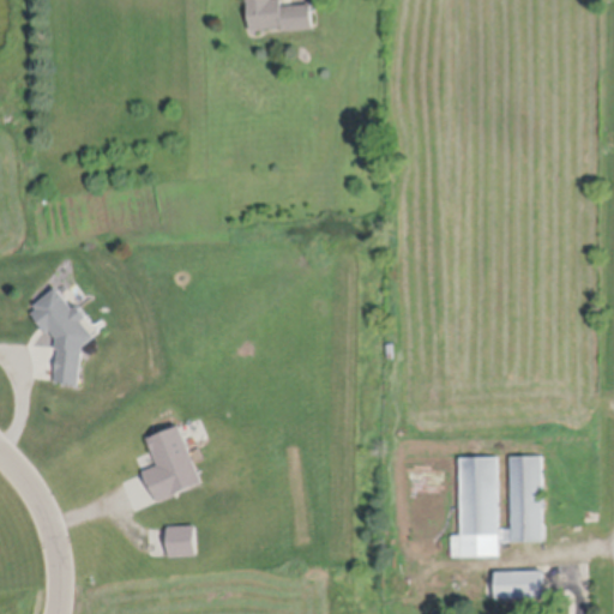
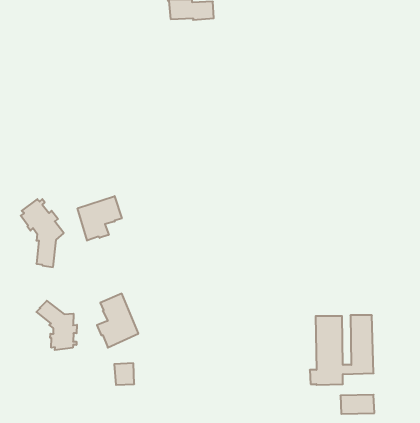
building: none -> [78,196,122,241]
building: none -> [36,301,77,350]

